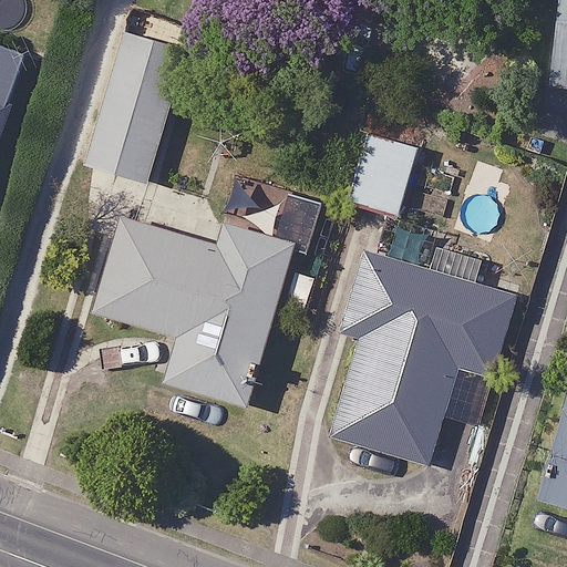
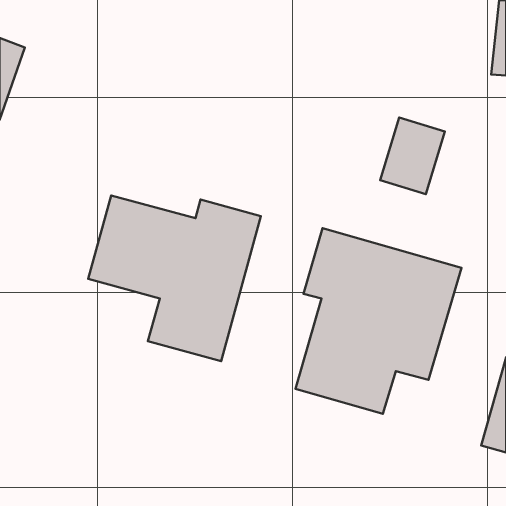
building: [81,19,188,181] -> none
building: [347,131,419,216] -> [380,118,445,194]

